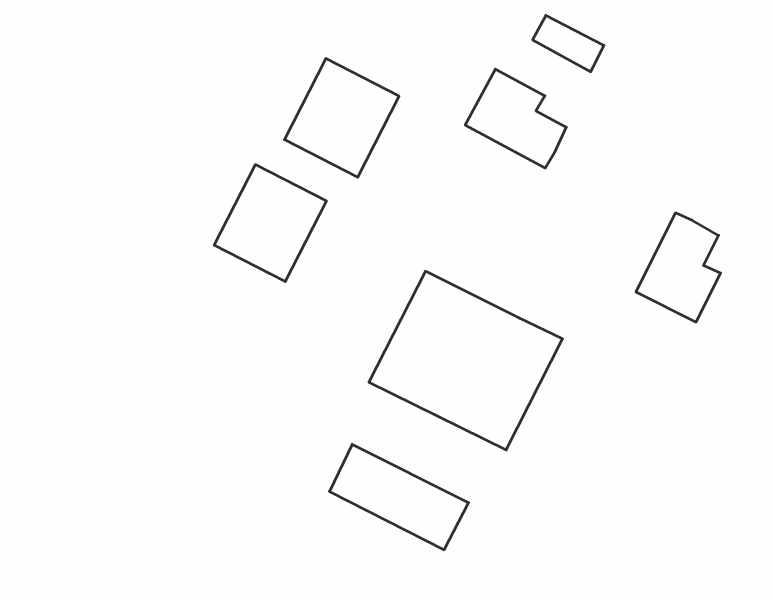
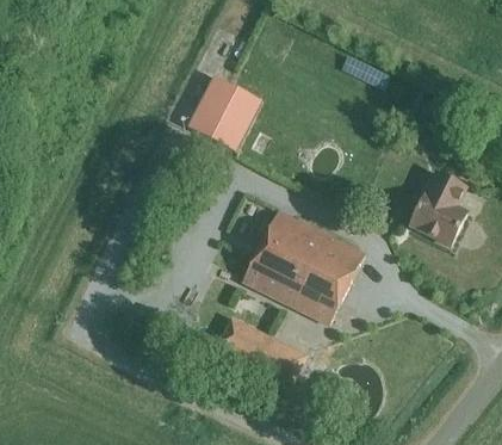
building: [465,69,566,168] -> none
building: [214,165,326,282] -> none

